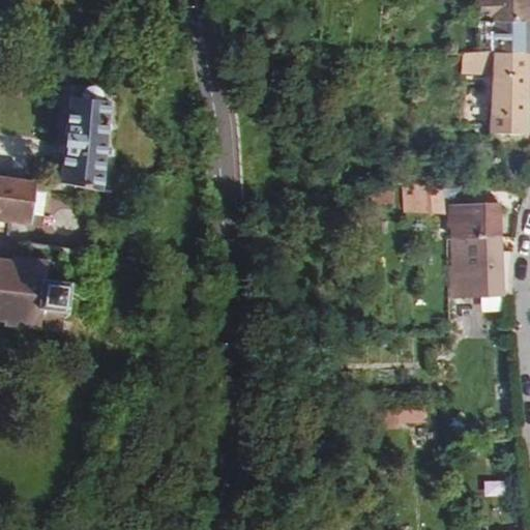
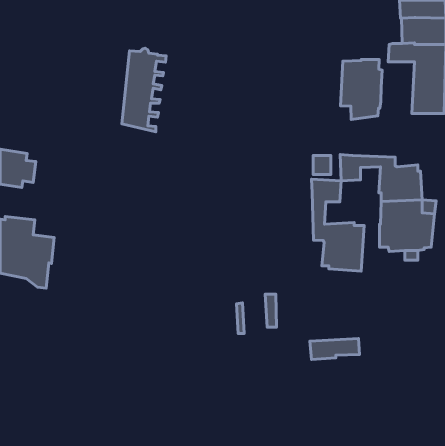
building: none -> [340,59,382,119]
building: [58,93,111,193] -> [122,48,166,132]
building: none -> [312,179,364,271]

